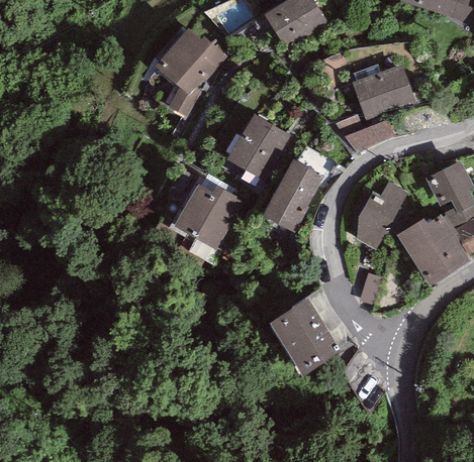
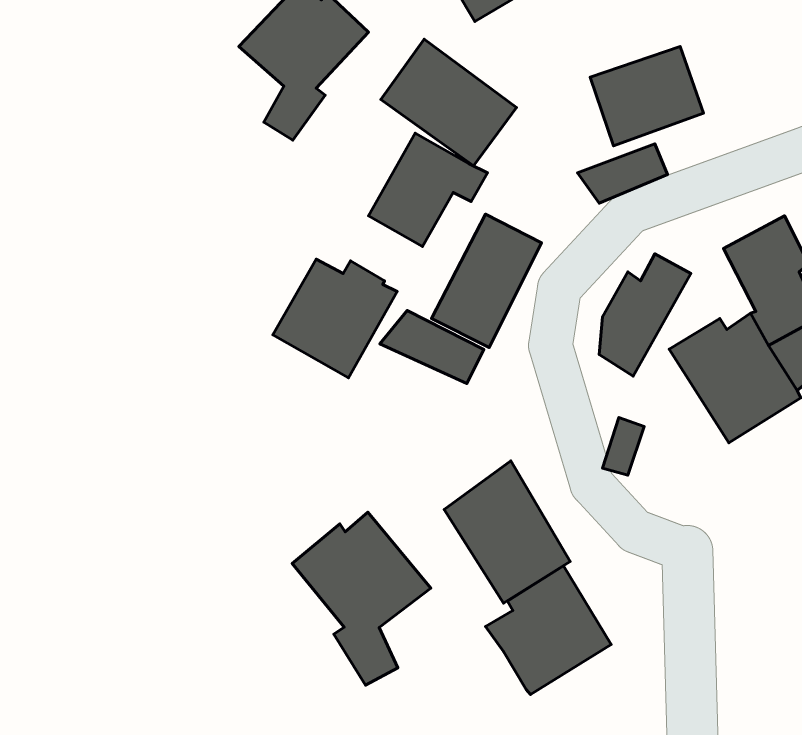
building: none -> [381,39,516,166]
building: none -> [380,310,484,384]
building: none -> [292,512,431,685]
building: none -> [485,566,611,695]

